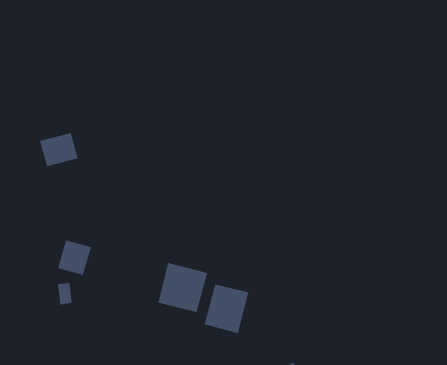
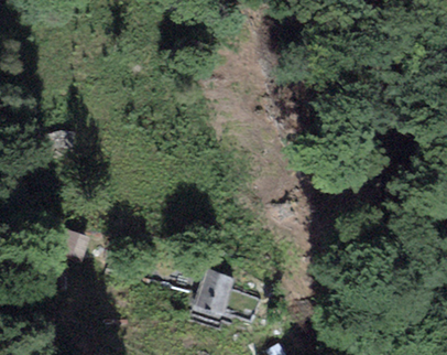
building: [158,262,208,313] -> none

